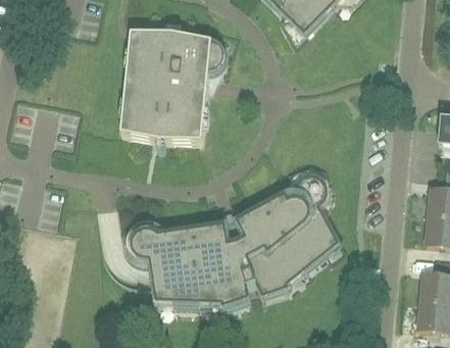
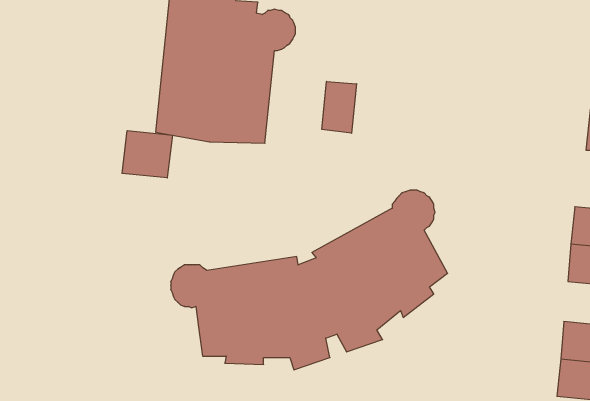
building: none -> [322,81,357,133]
building: none -> [122,131,173,178]

